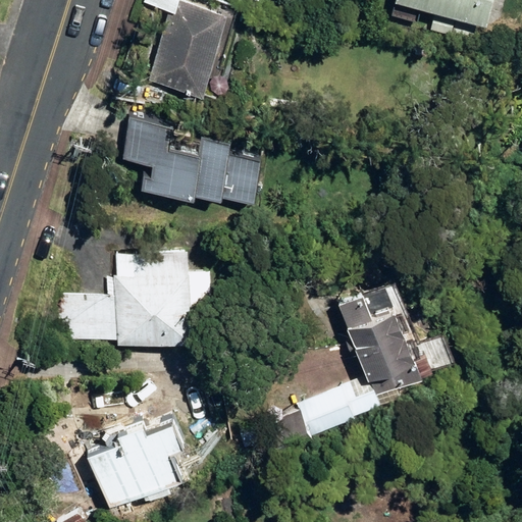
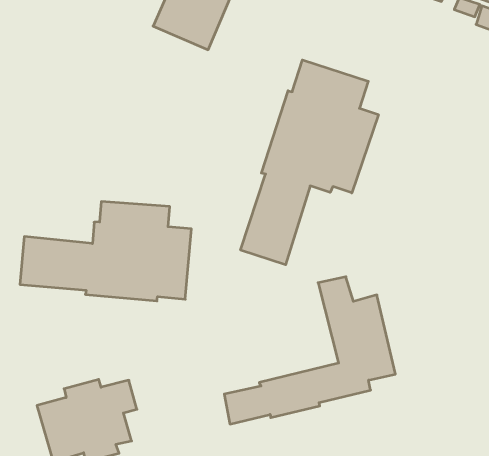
building: none -> [241,60,378,265]
building: [122,117,259,202] -> none

